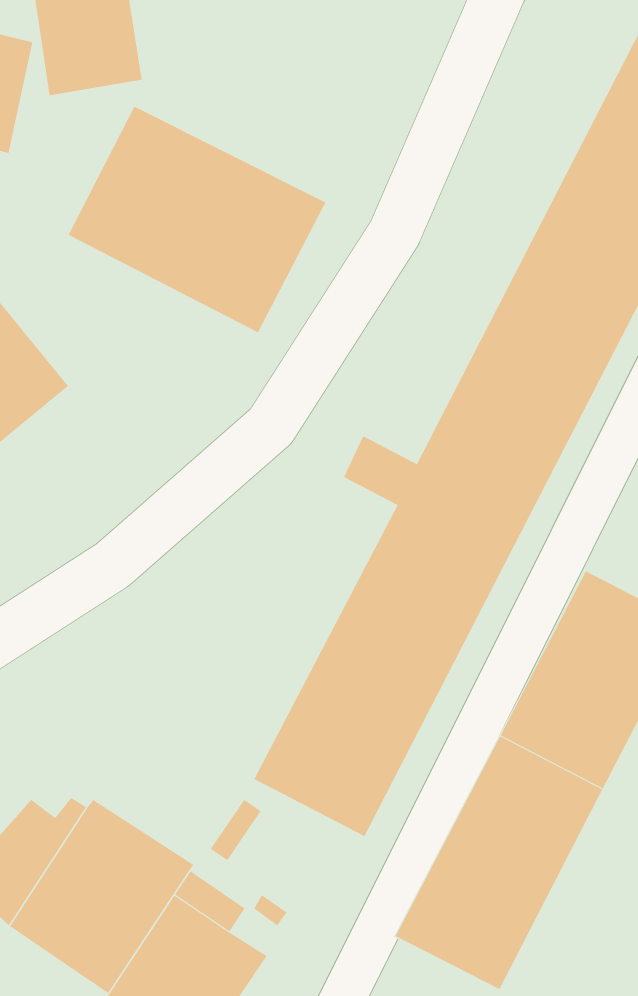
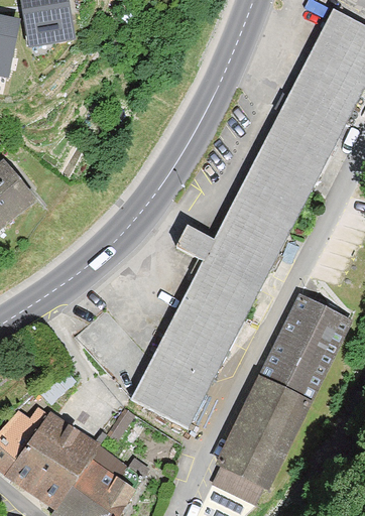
building: [68,106,326,333] -> none

